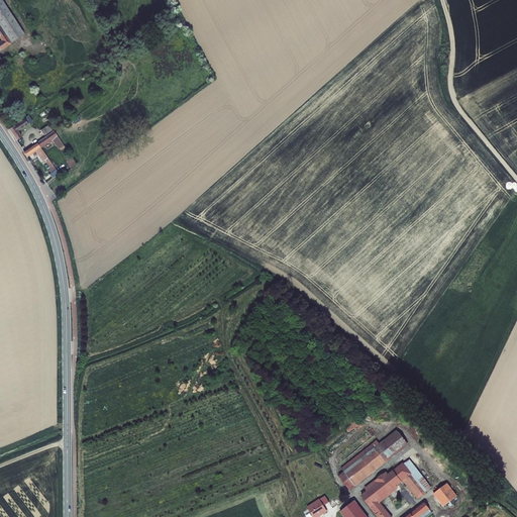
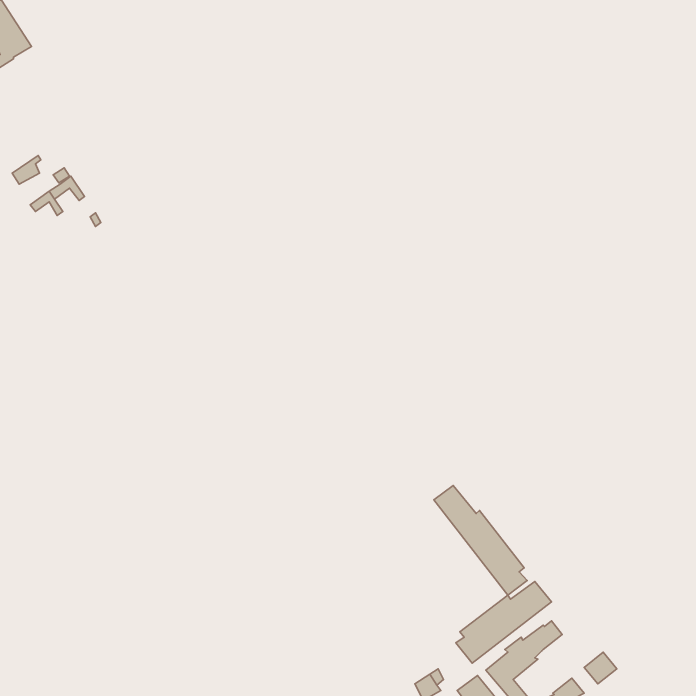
building: none -> [434,485,527,595]
building: [402,471,430,502] -> none

